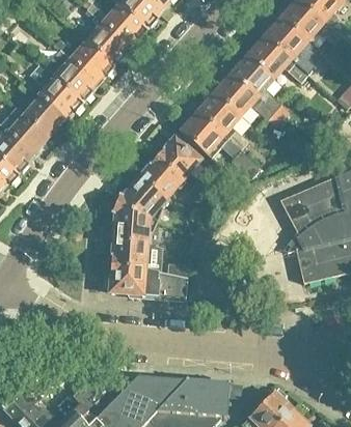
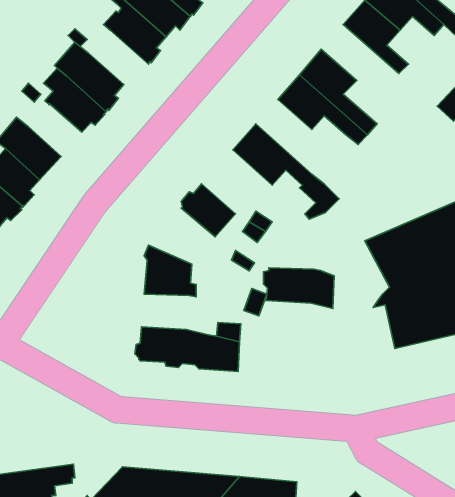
building: [247,36,306,82] -> none
building: [70,40,115,82] -> none
building: [197,93,247,150] -> none
building: [24,96,64,137] -> none
building: [156,139,199,180] -> none
building: [115,176,169,219] -> none
building: [108,241,162,273] -> [263,268,334,309]

